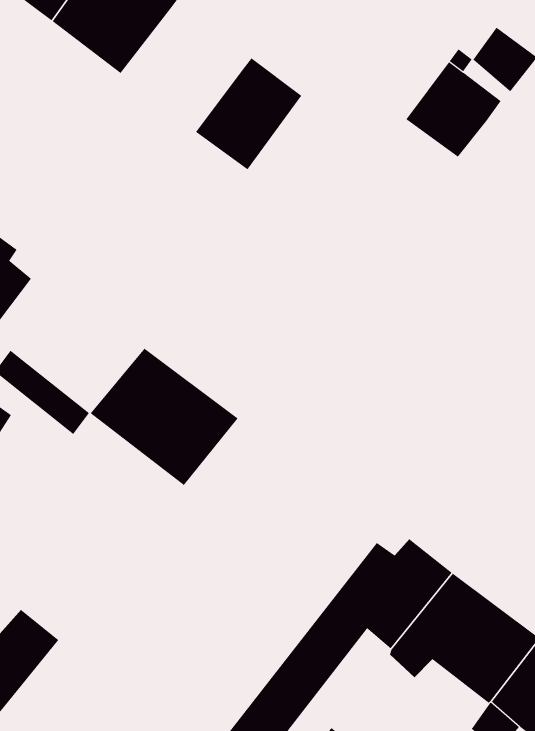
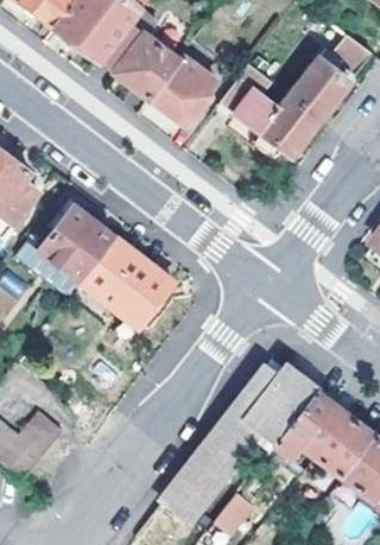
building: none -> [100,18,180,99]
building: none -> [218,63,321,153]
building: none -> [39,207,115,283]

